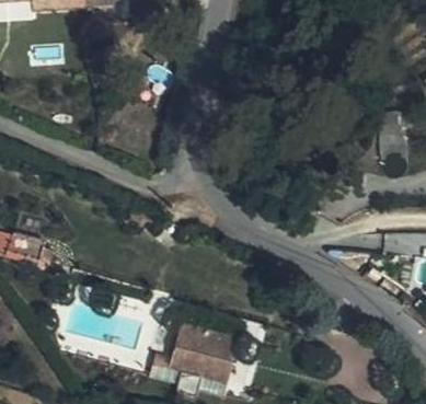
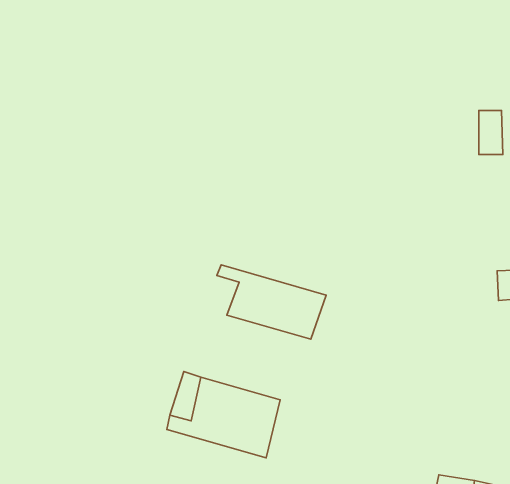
building: none -> [217,265,326,339]

